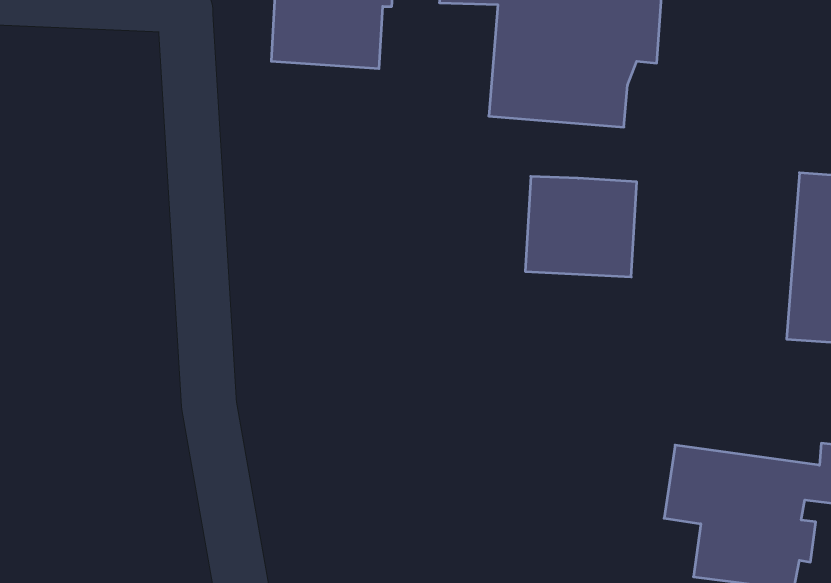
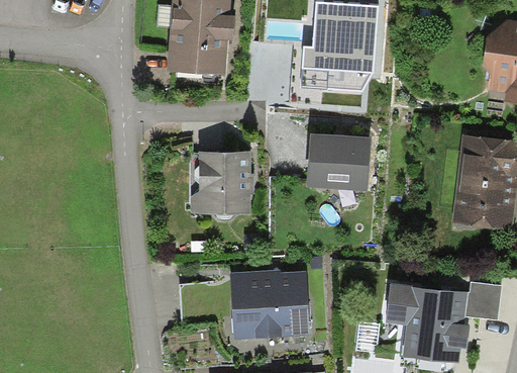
building: none -> [193,151,255,211]
building: none -> [231,270,309,340]

